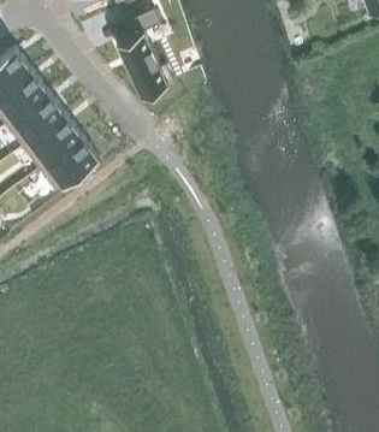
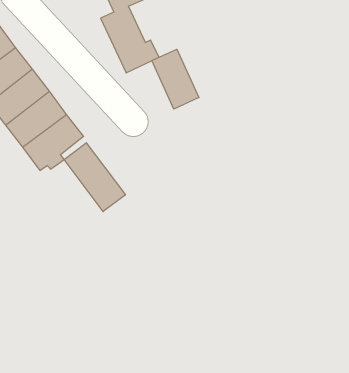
building: none -> [152,49,199,109]
building: none -> [64,143,125,212]

